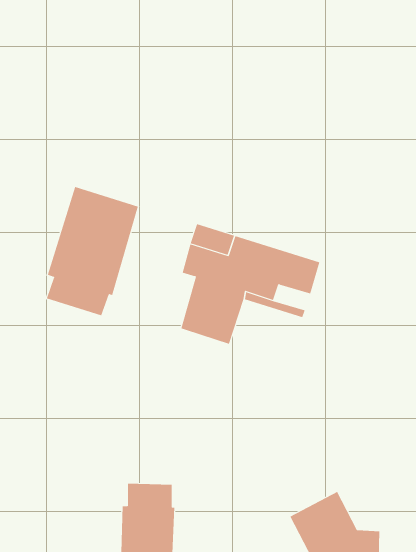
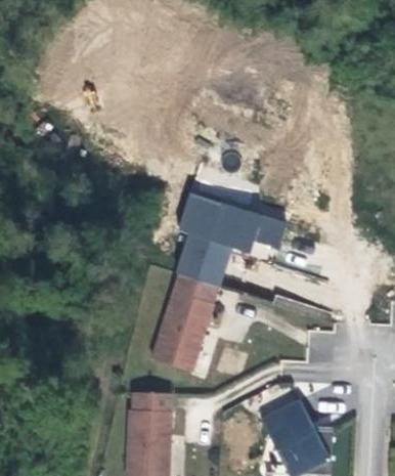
building: [46,186,139,316] -> none
building: none -> [153,274,215,371]

